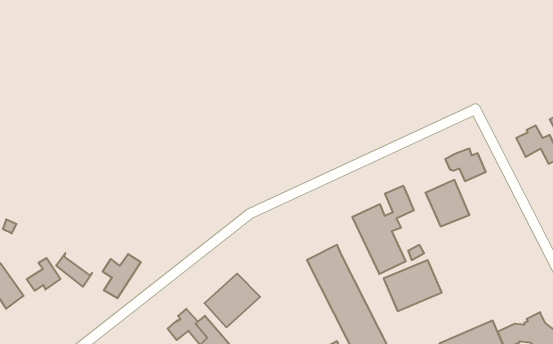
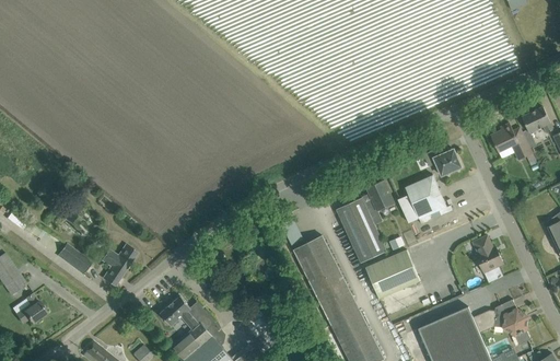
building: none -> [472,235,503,272]
building: [27,258,60,291] -> [14,293,46,324]
building: [204,274,260,327] -> none

